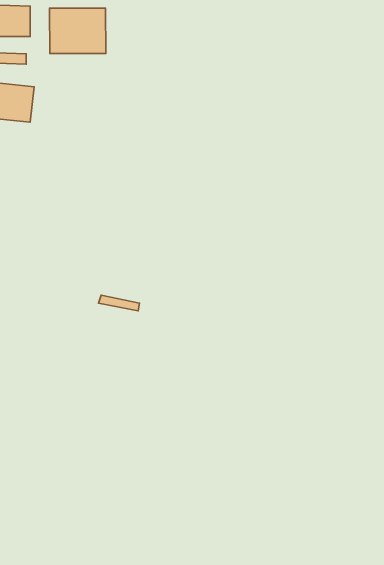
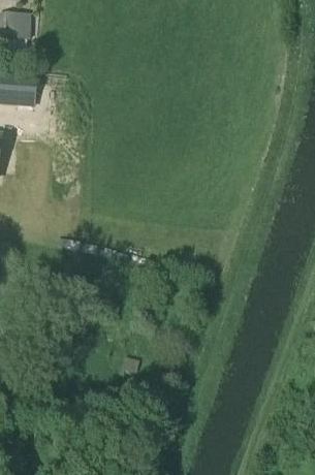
building: [49,8,106,54] -> none

